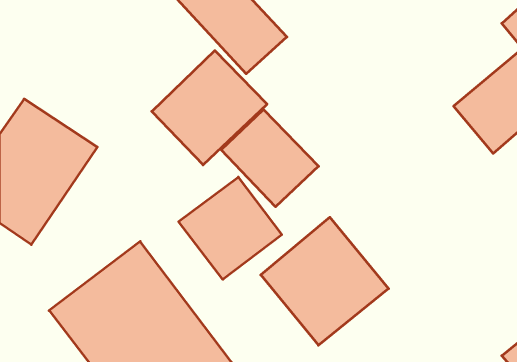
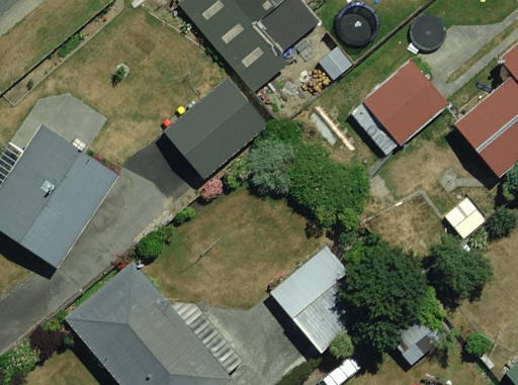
building: none -> [360,53,446,136]
building: [221,109,319,207] -> none
building: [179,177,282,279] -> none

